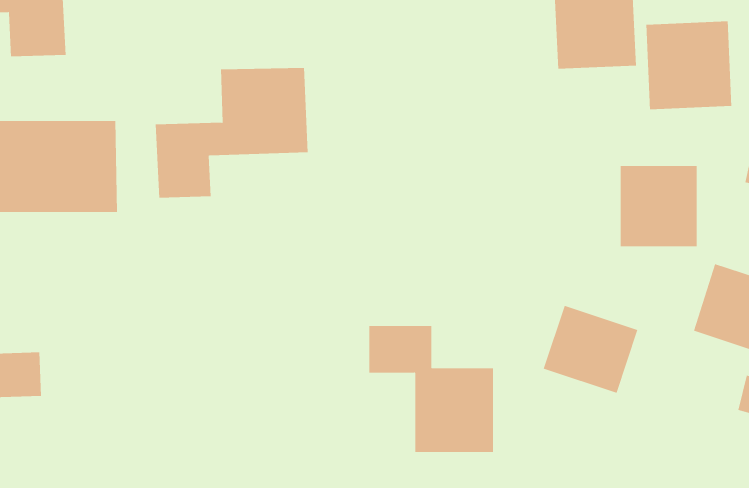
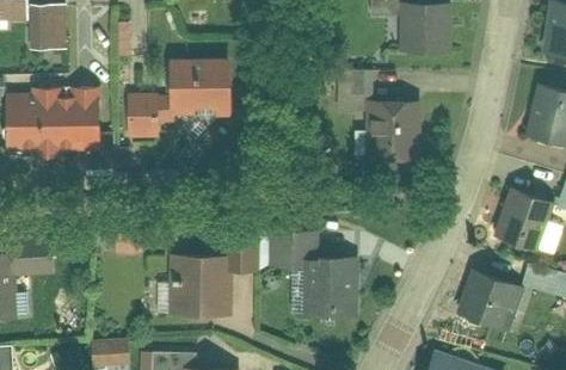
building: [646,21,732,110] -> none
building: [620,166,698,247] -> [365,101,418,156]
building: [543,305,638,393] -> [455,271,519,331]
building: none -> [171,235,259,316]

